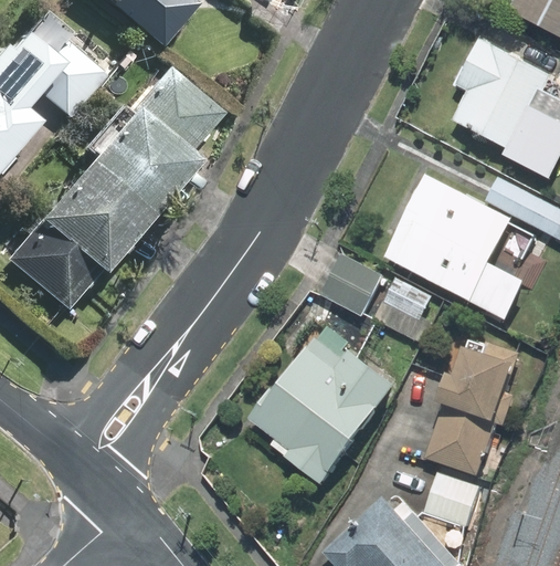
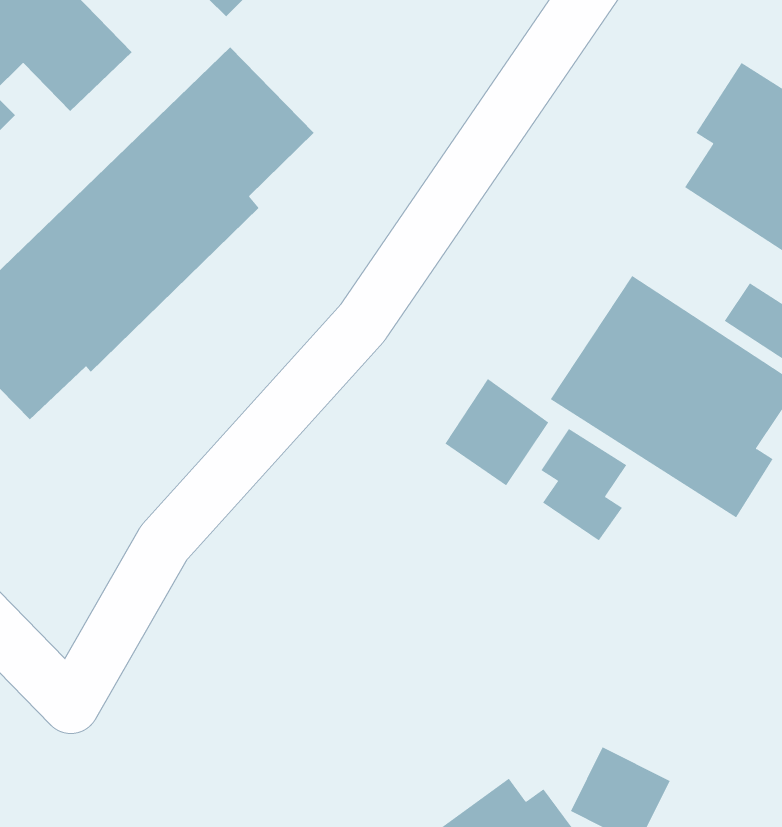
building: [250,328,398,488] -> none
building: [427,348,514,476] -> none

